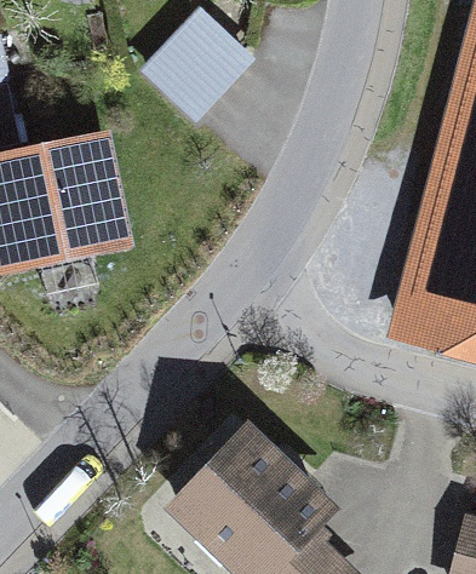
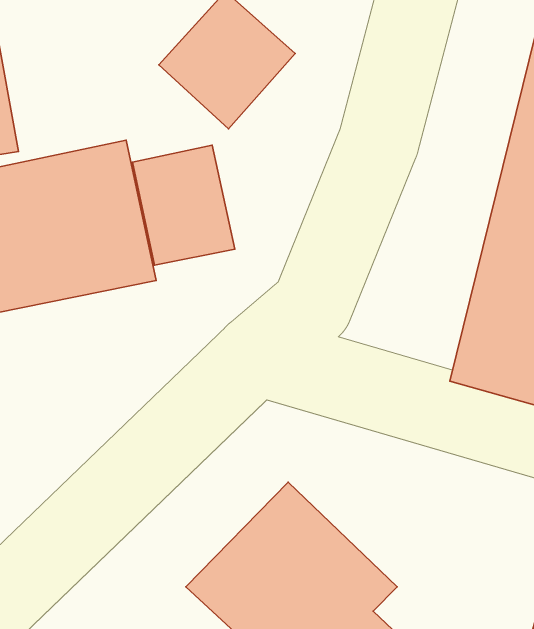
building: none -> [133,145,235,265]

